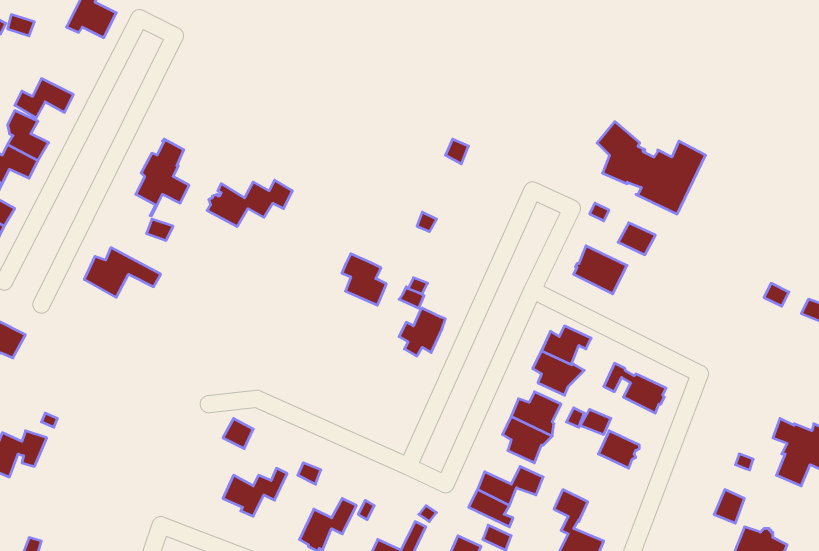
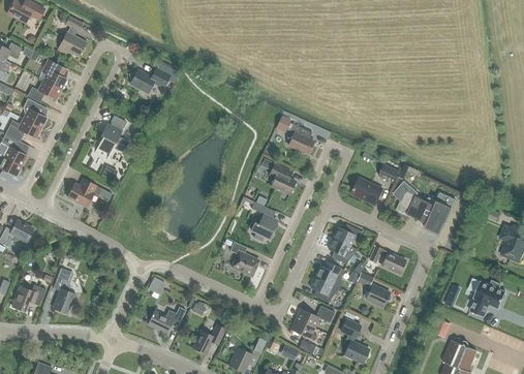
building: none -> [41,59,67,89]
building: [597,122,706,214] -> [393,180,456,233]
building: none -> [287,122,313,153]
building: [207,180,292,226] -> [129,66,179,93]
building: [342,254,386,305] -> [269,163,295,193]
building: none -> [229,241,258,275]
building: none -> [53,268,75,311]

